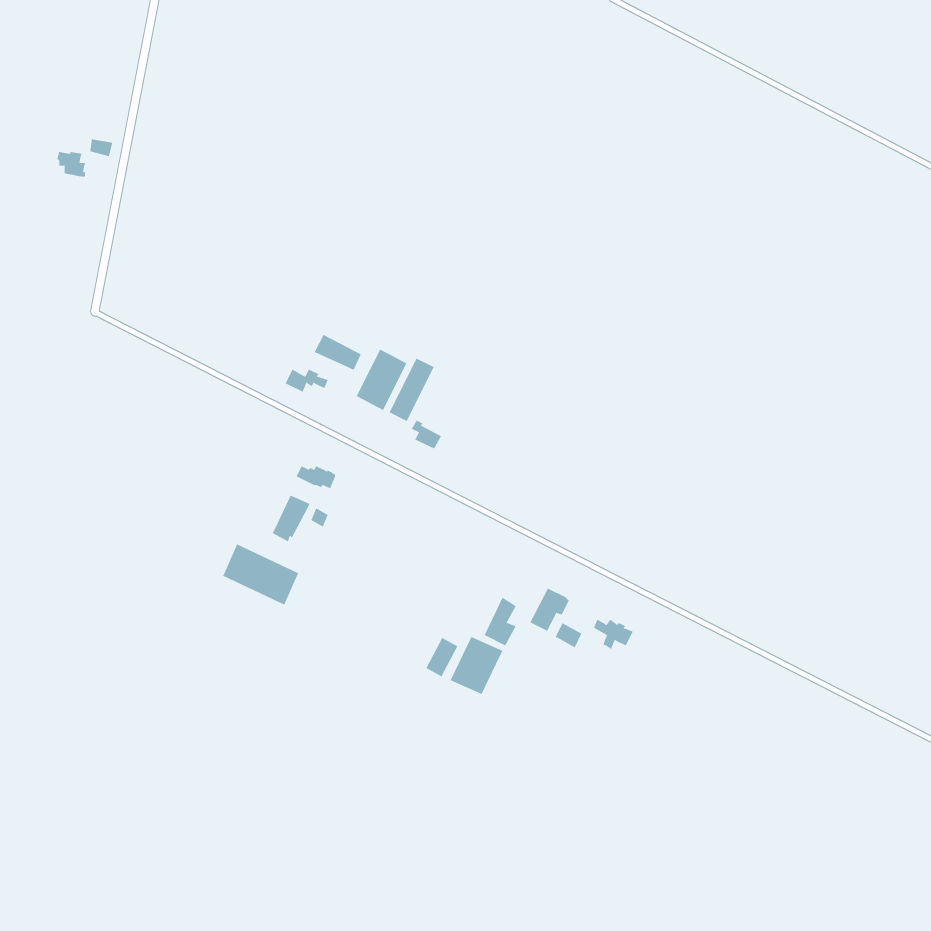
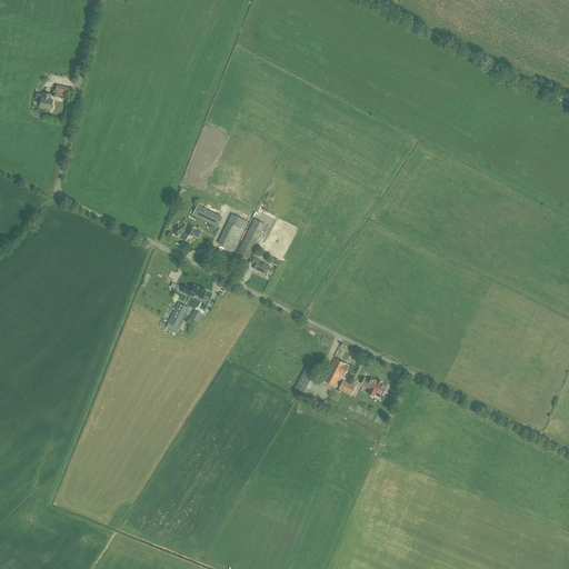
building: [223,543,299,606] -> none
building: [450,636,503,695] -> none

